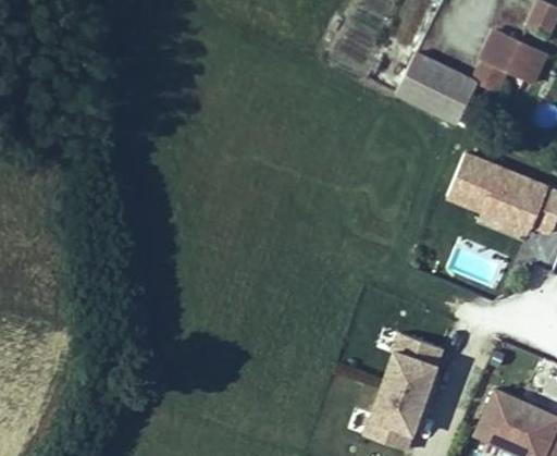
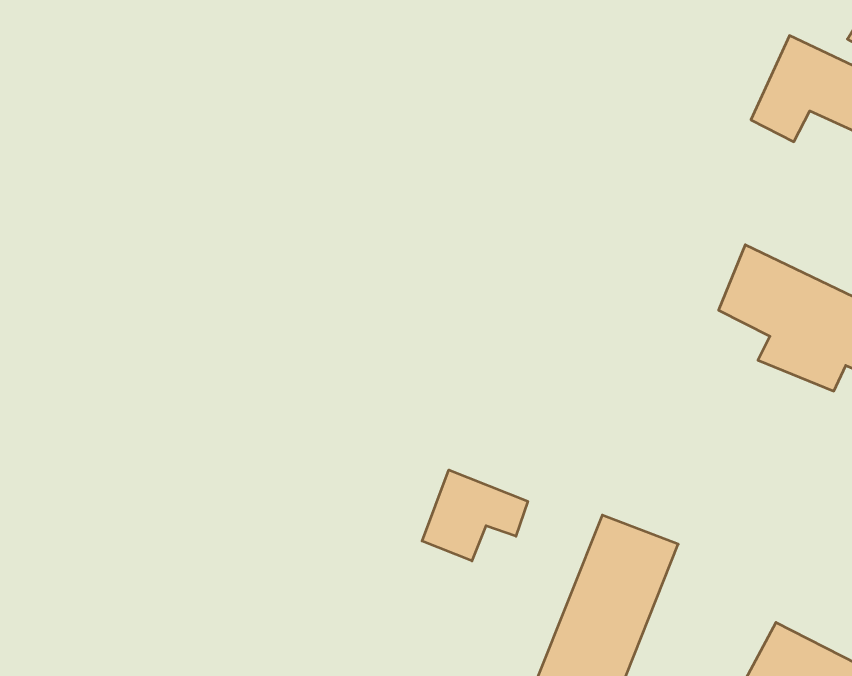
building: [395,50,476,123] -> none
building: none -> [422,470,528,561]

